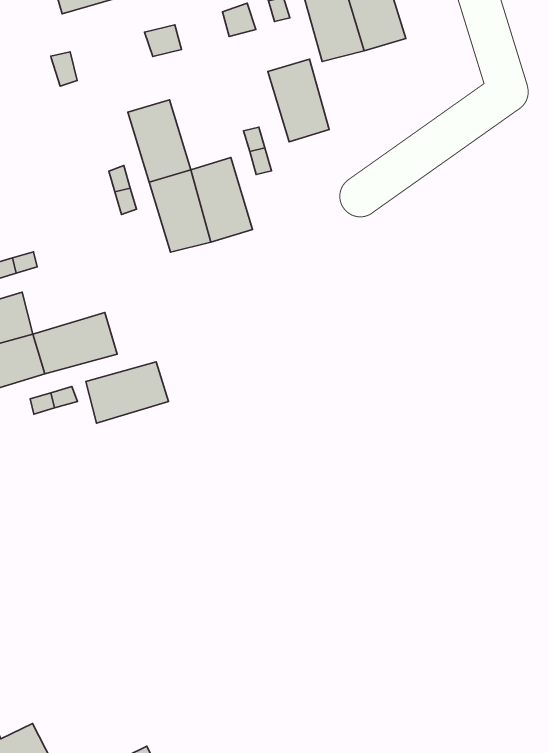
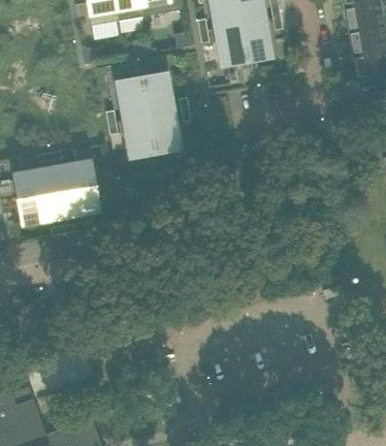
building: [268,59,329,142] -> [141,73,170,116]
building: [86,362,169,423] -> [53,164,95,193]

